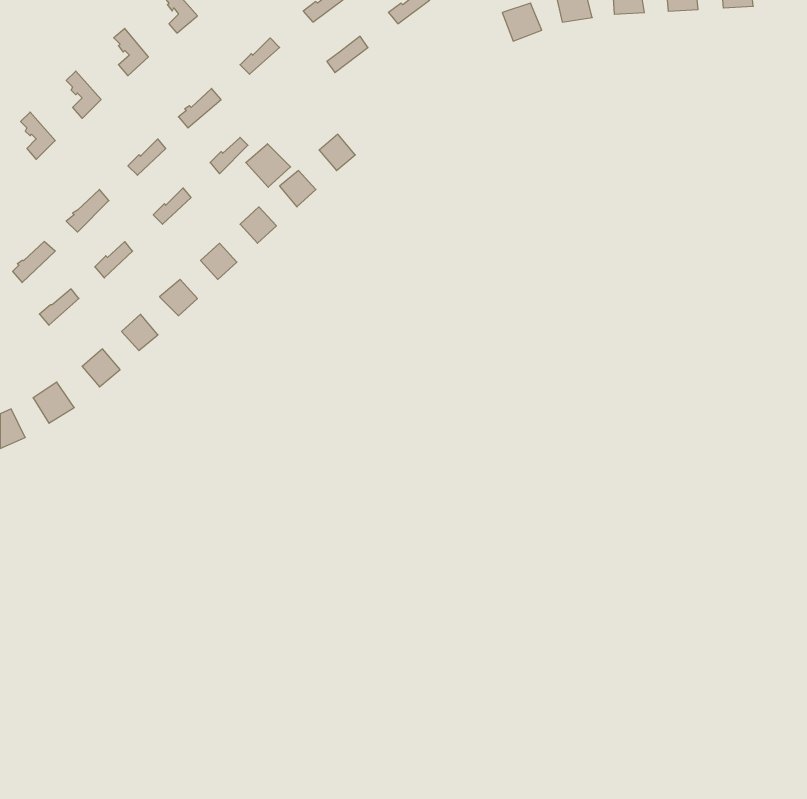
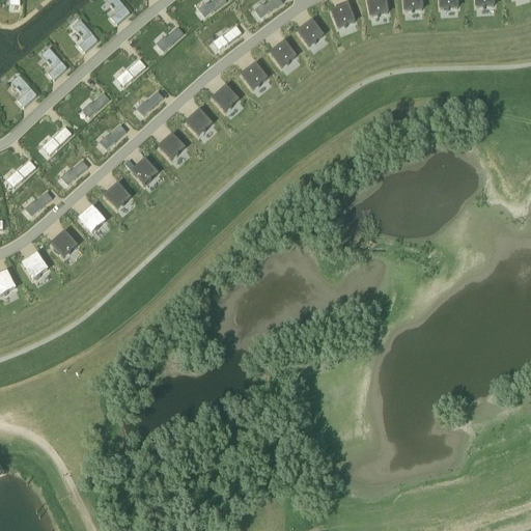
building: none -> [297,18,324,46]
building: none -> [269,38,297,66]
building: none -> [240,60,268,88]
building: [246,144,291,187] -> none

